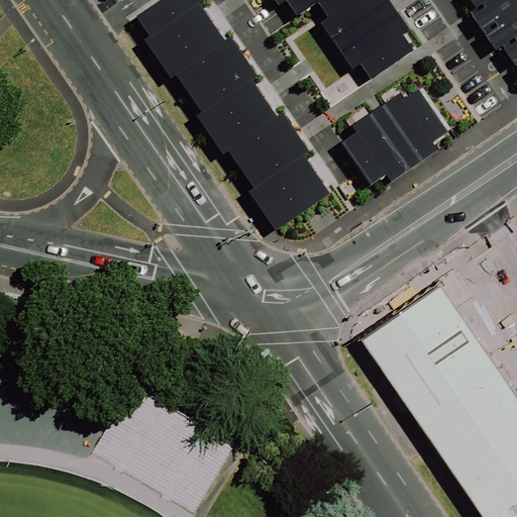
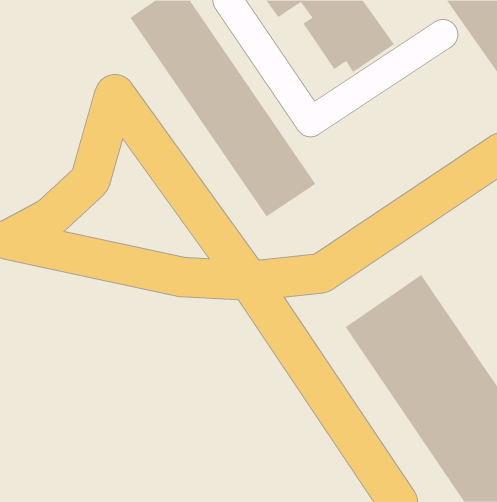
building: [341,91,445,184] -> none

